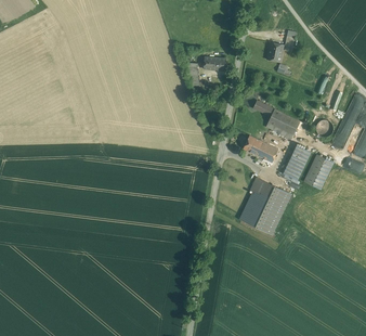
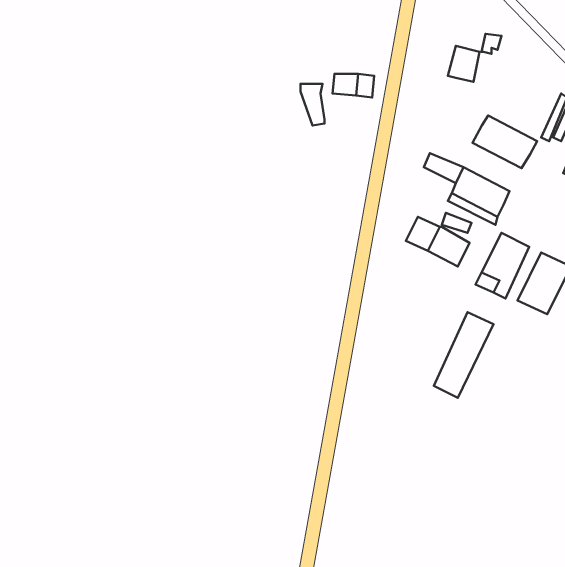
building: none -> [472,116,537,168]
building: [239,178,276,228] -> none

